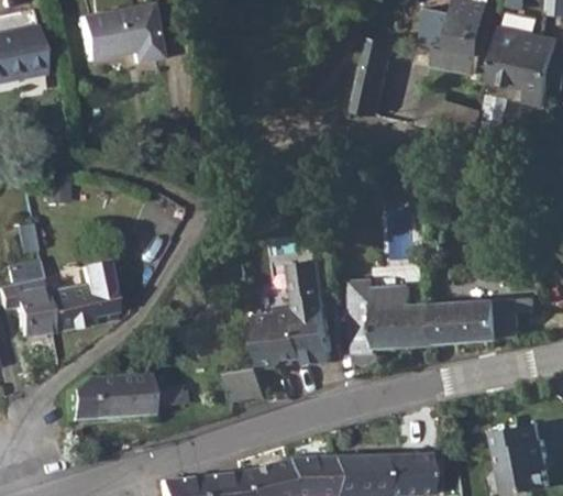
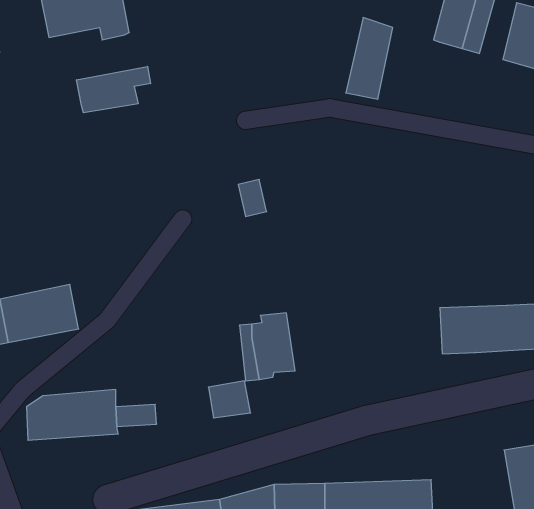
building: none -> [77,66,151,113]
building: [291,263,331,363] -> none
building: [344,282,435,368] -> none

